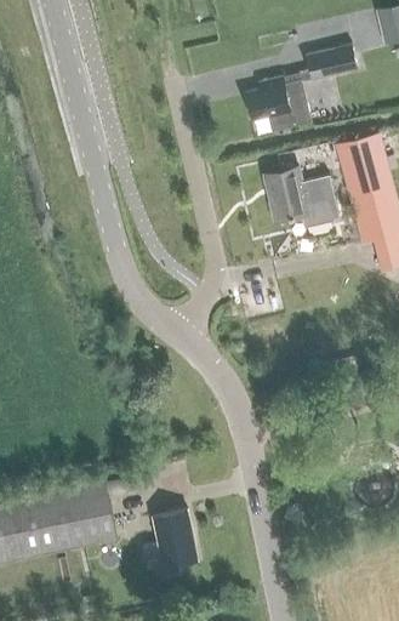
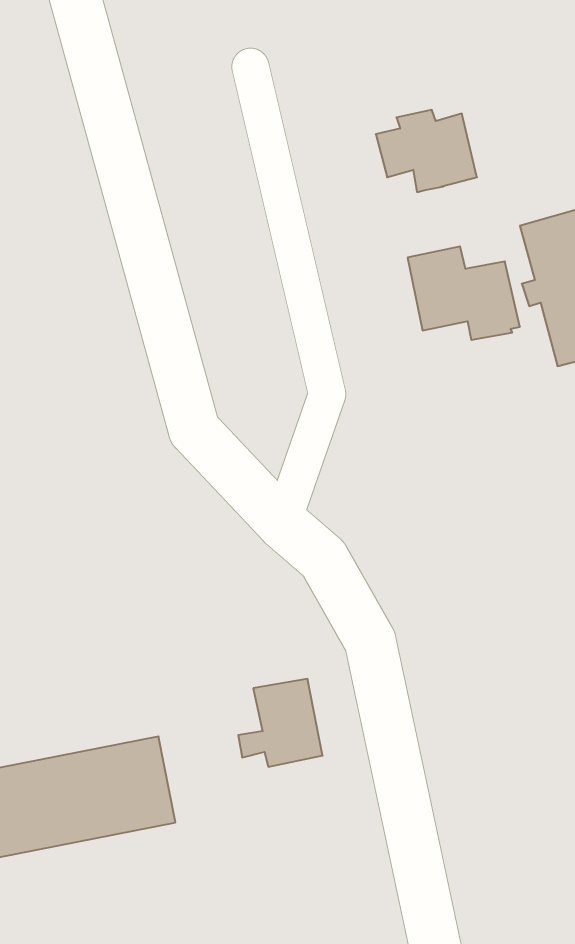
building: [306,45,357,80] -> none
building: [143,511,198,568] -> [238,679,323,767]

